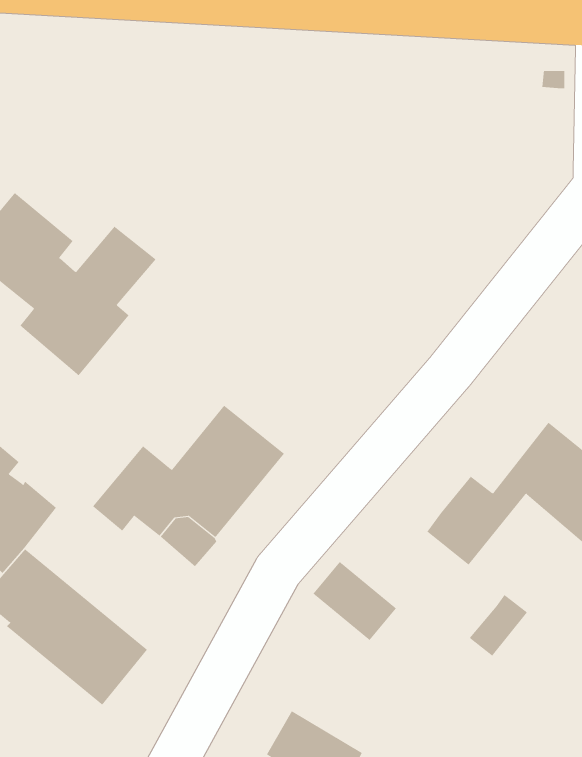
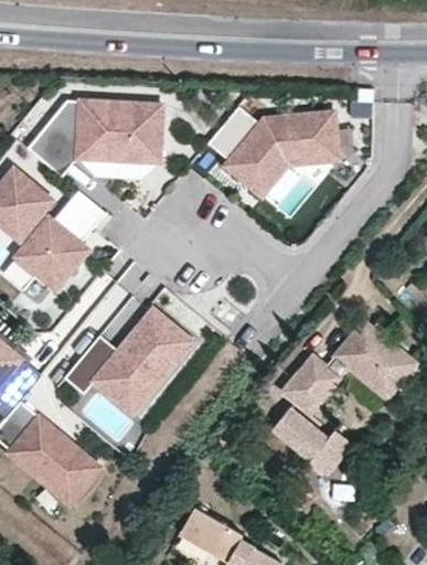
building: none -> [29,100,161,178]
building: none -> [209,107,340,196]
building: [312,561,397,641] -> [274,408,329,460]

